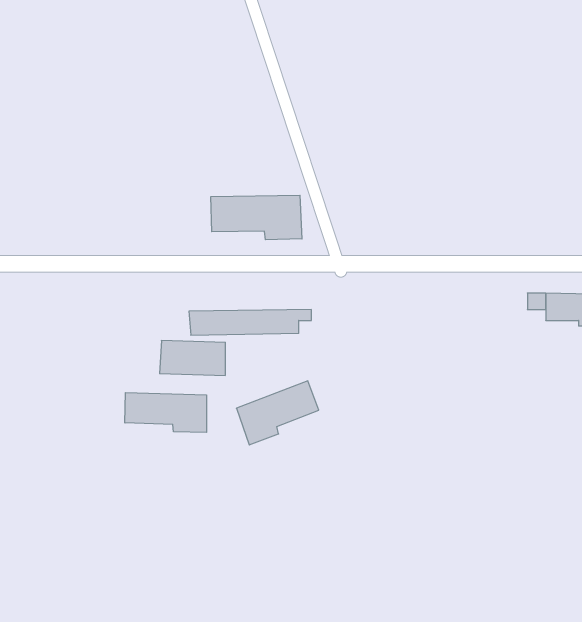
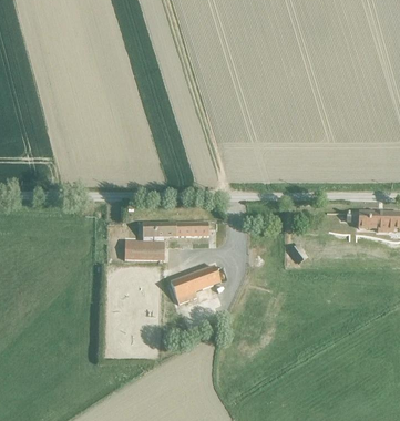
building: [211,195,302,240] -> none
building: [125,393,207,432] -> none

